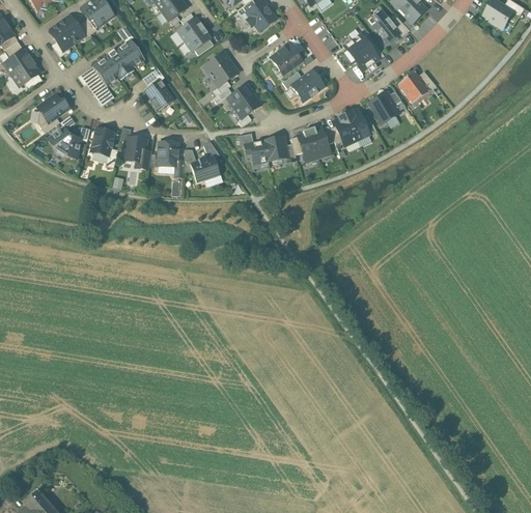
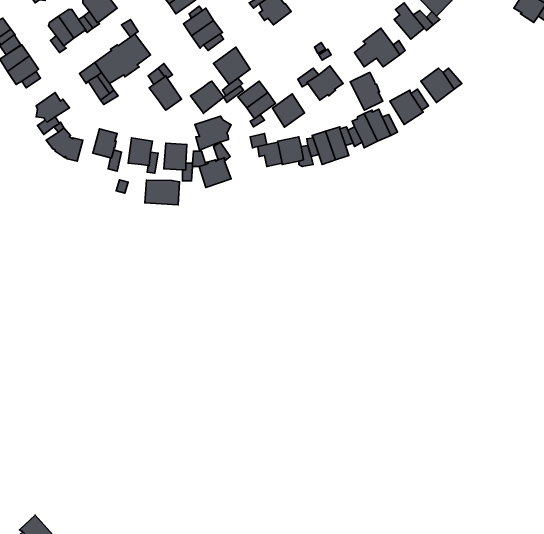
building: [271,42,301,74] -> [272,94,305,127]
building: none -> [350,73,383,110]
building: none -> [191,81,224,114]
building: none -> [195,116,231,150]
building: none -> [145,180,179,205]

